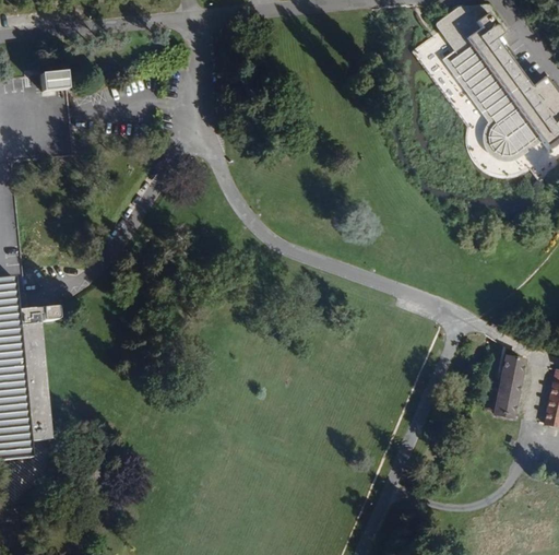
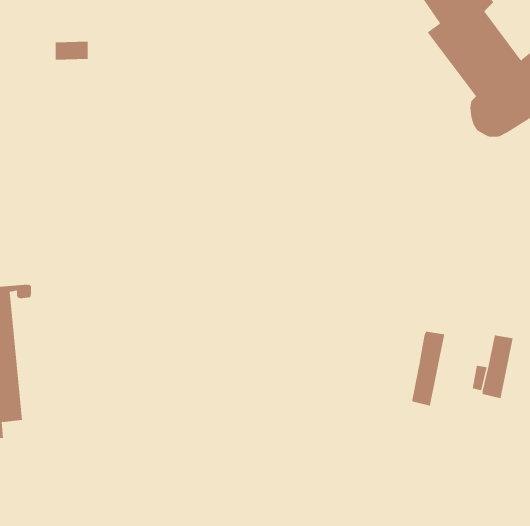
building: [34,72,67,91] -> [55,41,88,60]
building: none -> [411,331,445,406]

